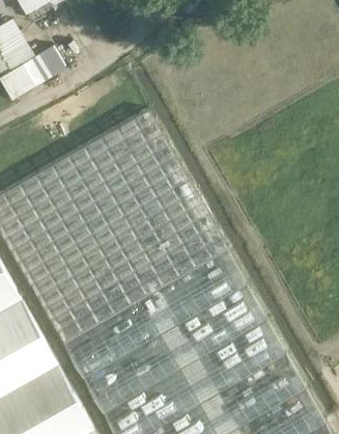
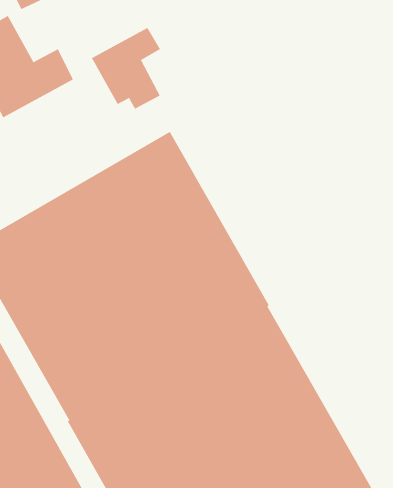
building: none -> [91,27,161,110]

